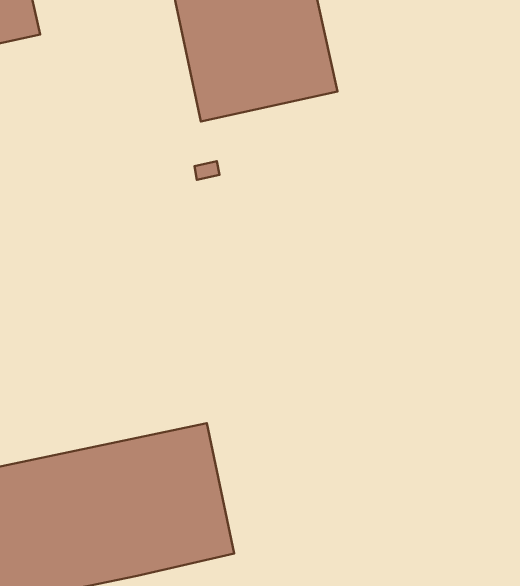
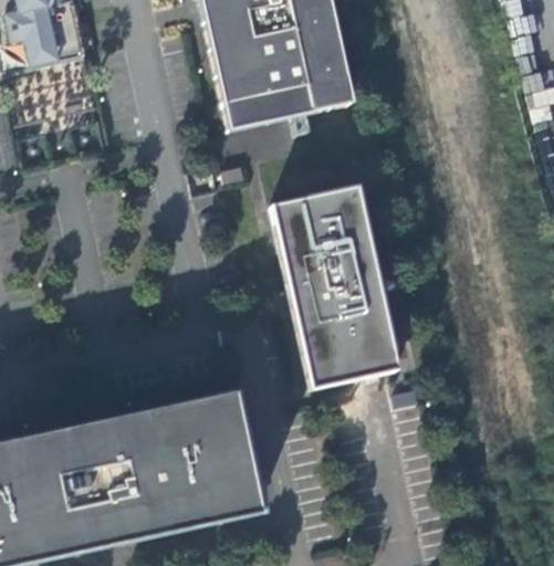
building: none -> [273,182,399,385]

